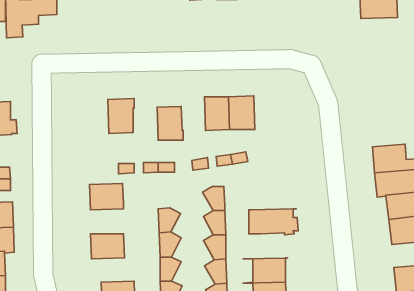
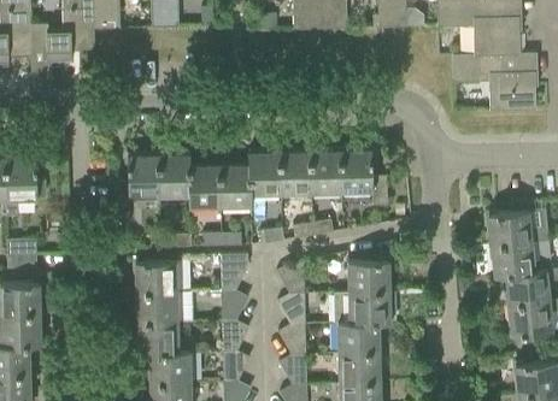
building: none -> [452,53,535,111]
building: none -> [340,149,387,206]
building: none -> [248,152,280,194]
building: none -> [113,155,159,211]
building: none -> [188,165,221,207]
building: none -> [221,254,247,291]
building: none -> [334,260,393,293]
building: none -> [136,291,192,323]
building: none -> [325,322,382,354]
building: none -> [137,350,190,383]

